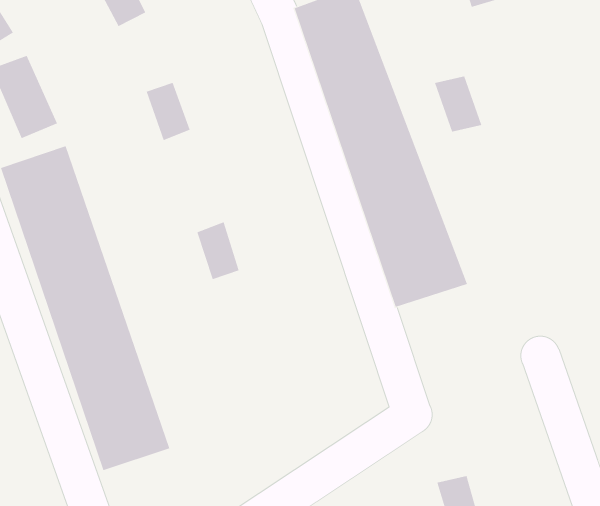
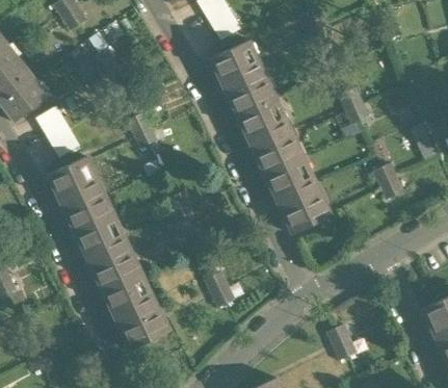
building: [434,76,482,132] -> [338,89,369,124]
building: none -> [374,163,404,200]
building: none -> [206,271,236,307]

